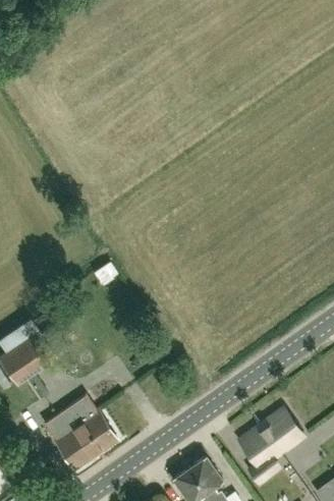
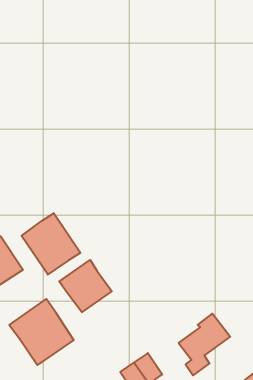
building: none -> [22,213,80,275]
building: none -> [59,260,112,312]

